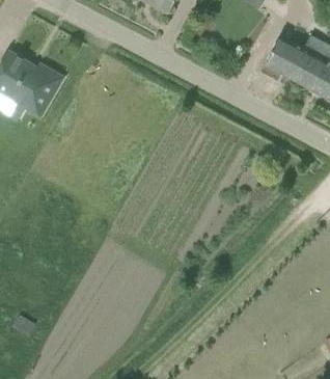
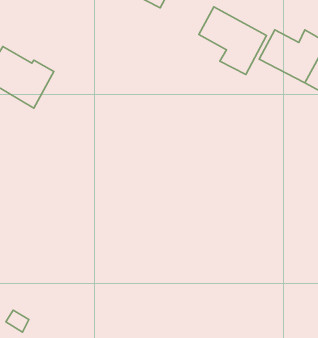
building: none -> [199,7,267,75]

